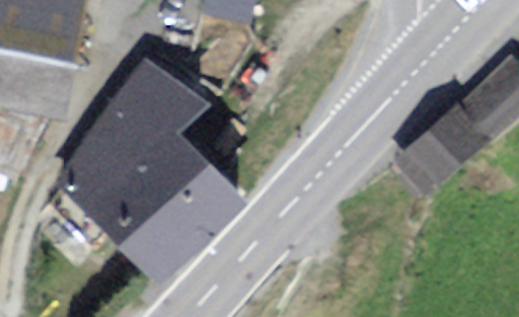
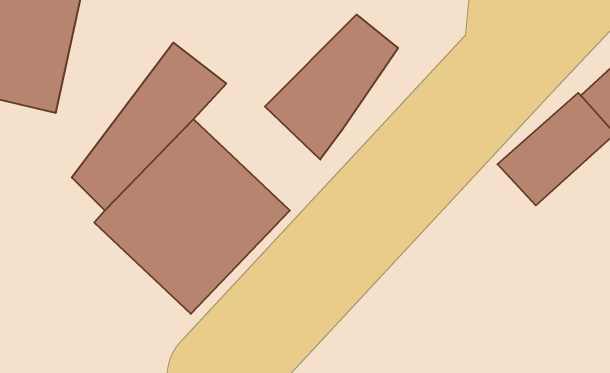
building: none -> [265,15,398,160]

